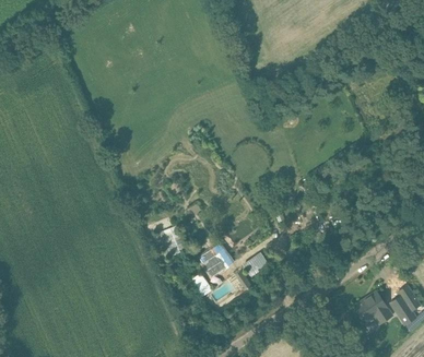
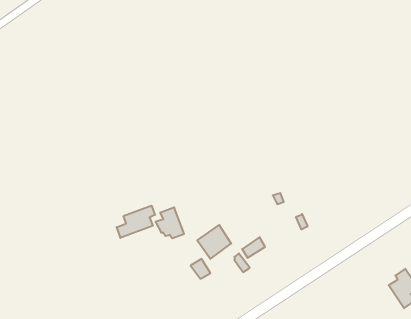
building: none -> [117,206,155,238]
building: [356,290,393,324] -> none

